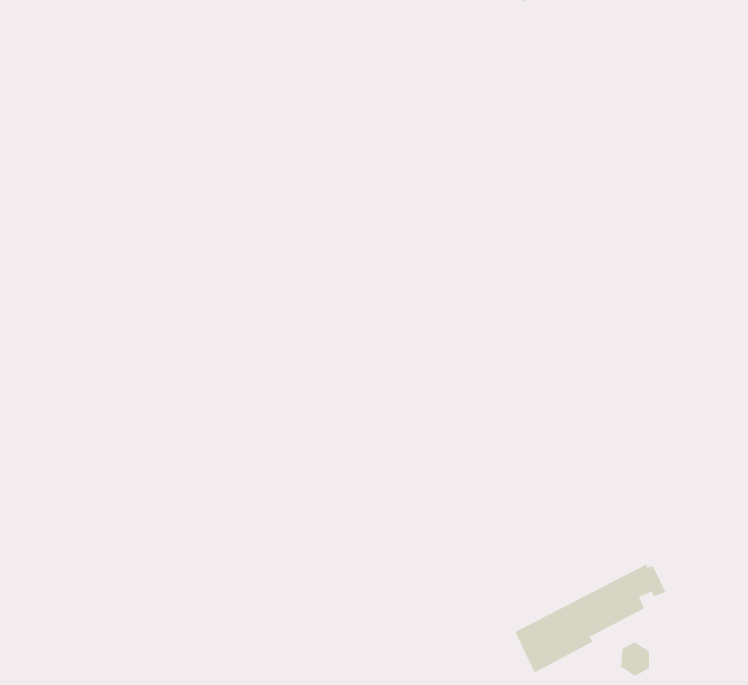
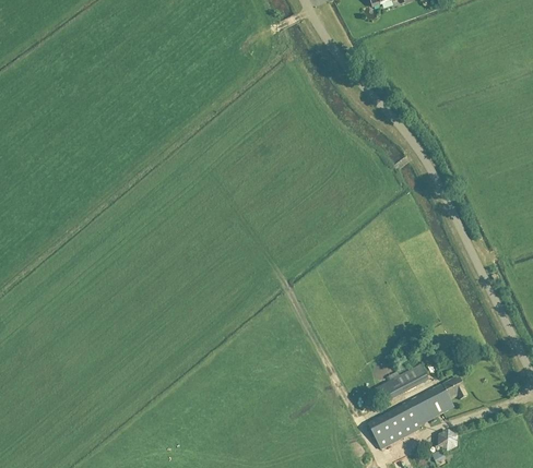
building: none -> [376,362,428,401]

